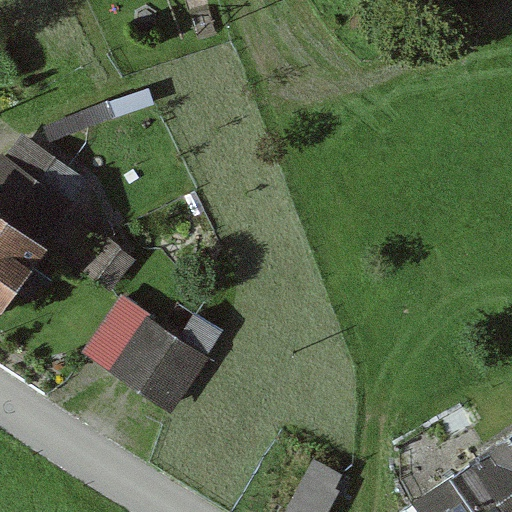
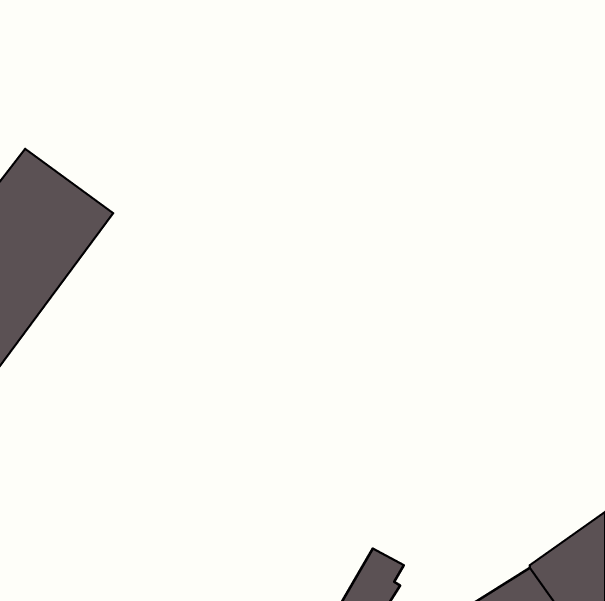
building: [86,302,222,411] -> none

